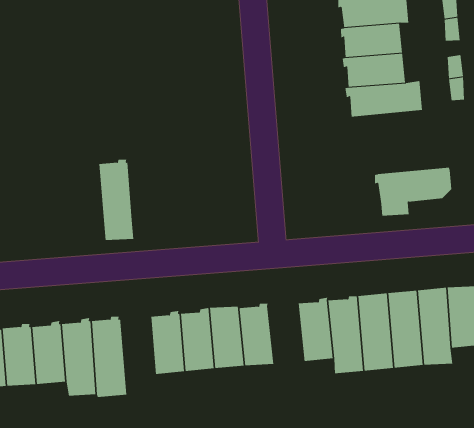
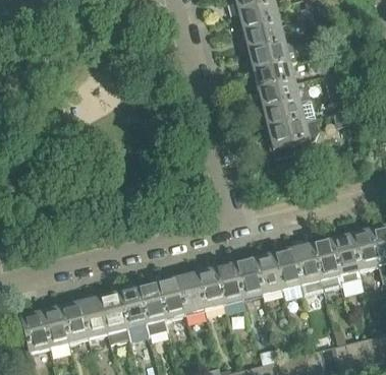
building: [98,159,134,241] -> [136,280,168,336]
building: [374,167,452,216] -> [265,118,318,158]
building: none -> [232,256,262,301]

